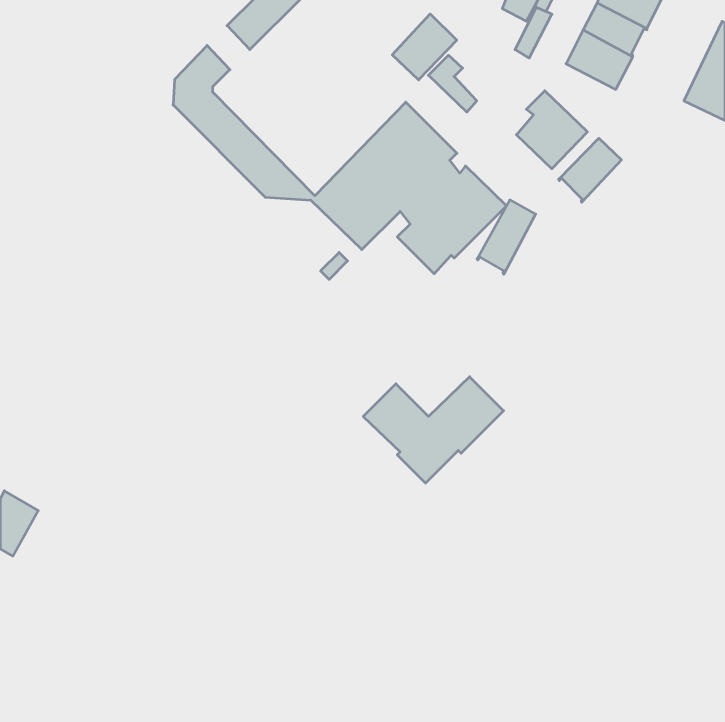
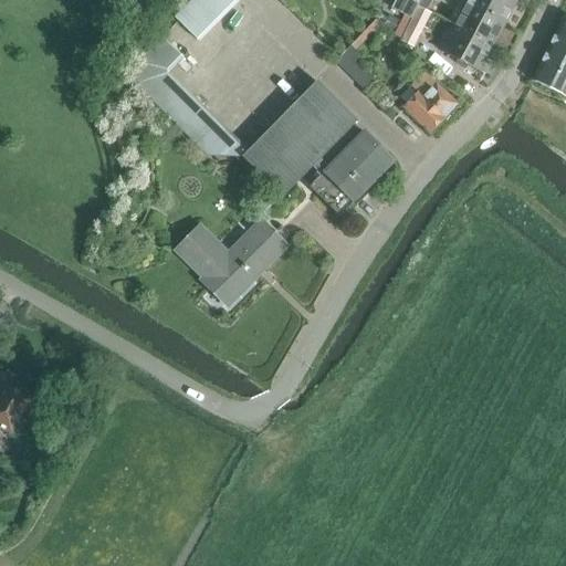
building: [392,14,457,80] -> none
building: [559,138,621,202] -> none
building: [477,200,536,274] -> none
building: [363,377,504,483] -> [176,219,285,302]

